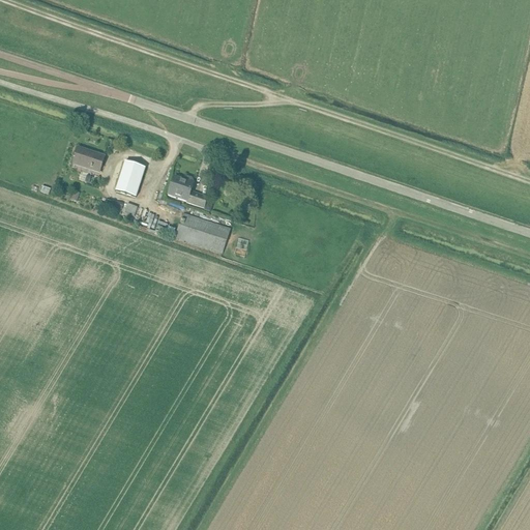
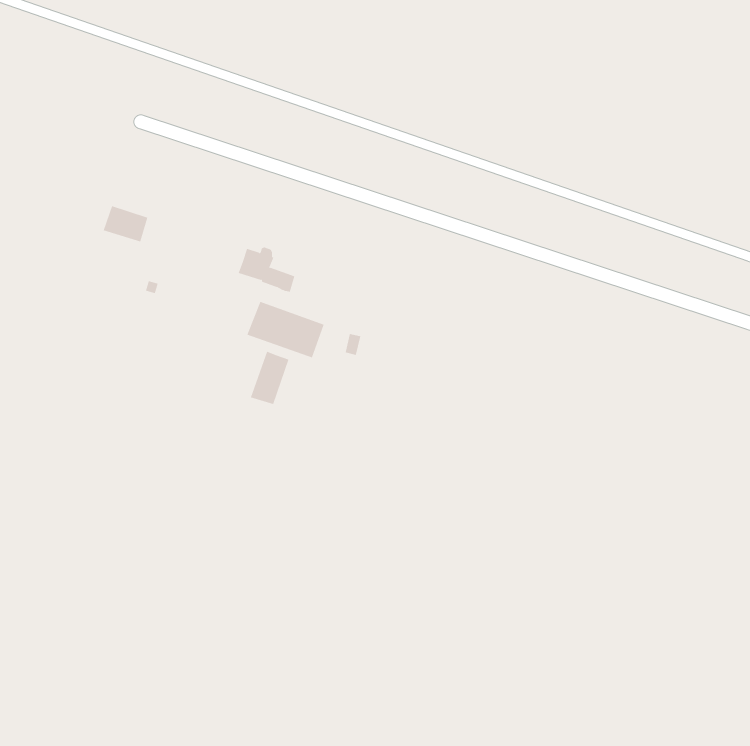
building: [116,158,146,194] -> none
building: none -> [250,351,289,405]

